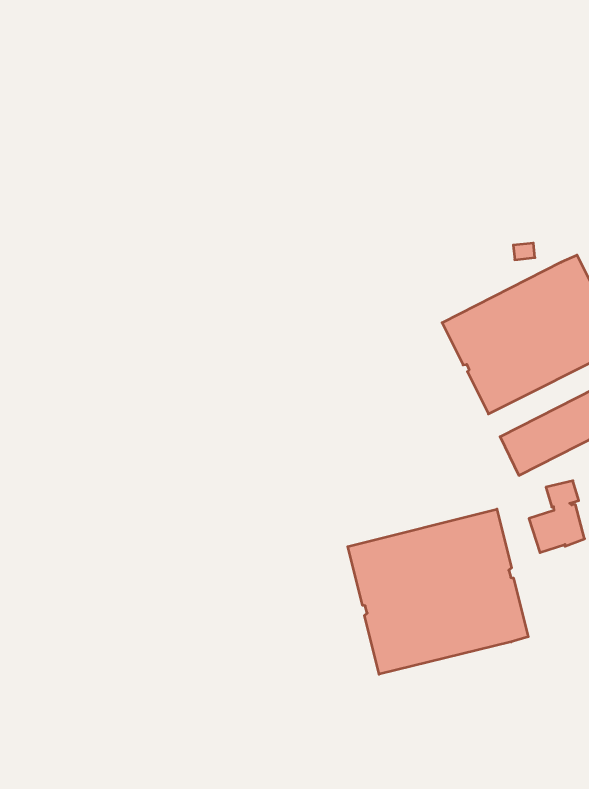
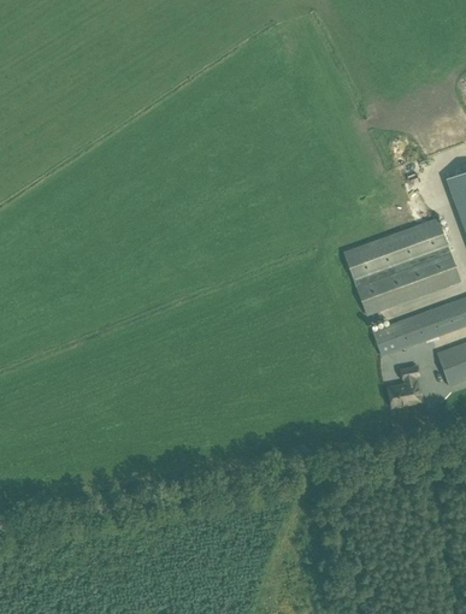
building: [348,509,528,674] -> none

